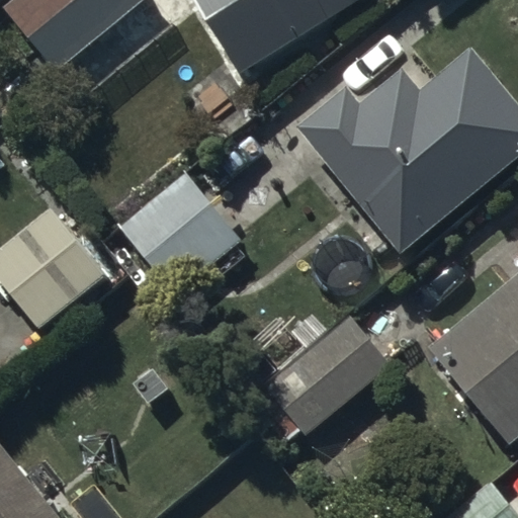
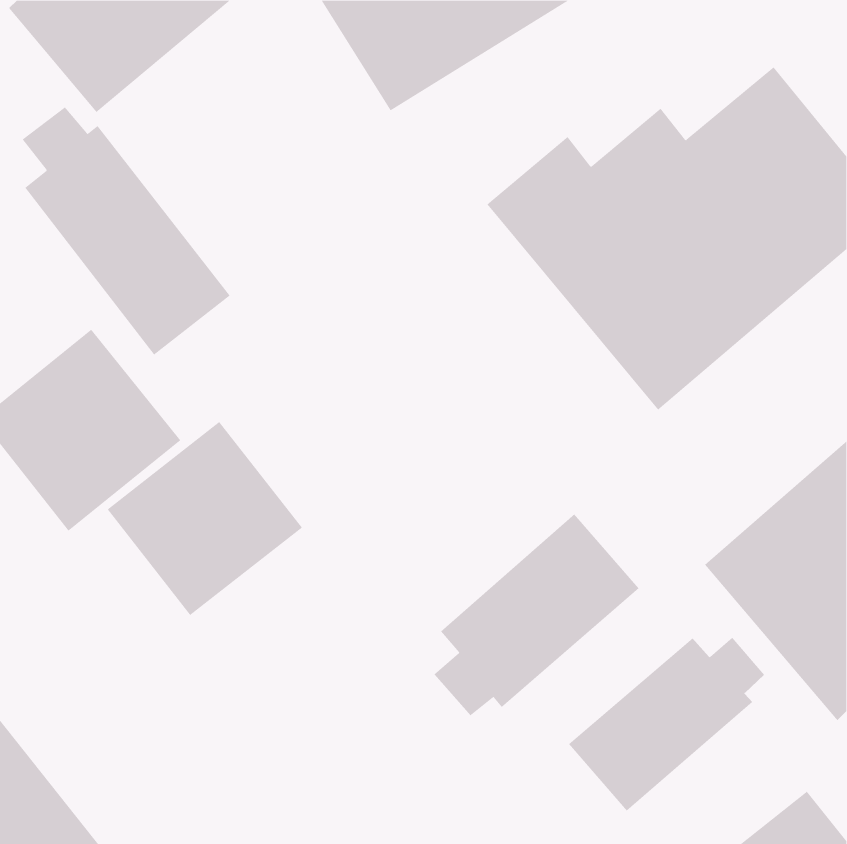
building: none -> [22,106,230,355]
building: [120,172,240,290] -> [107,421,303,616]
building: none -> [568,637,765,812]

